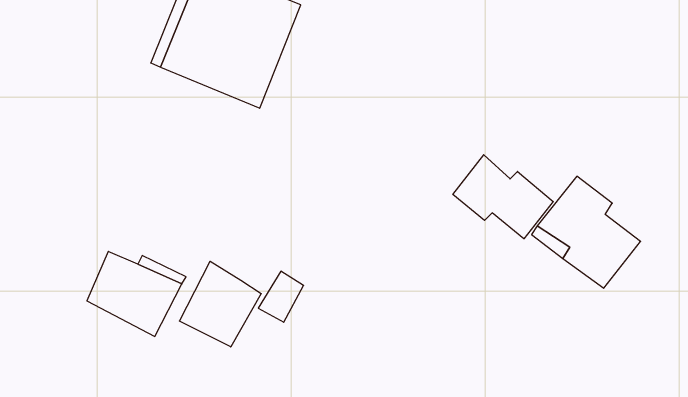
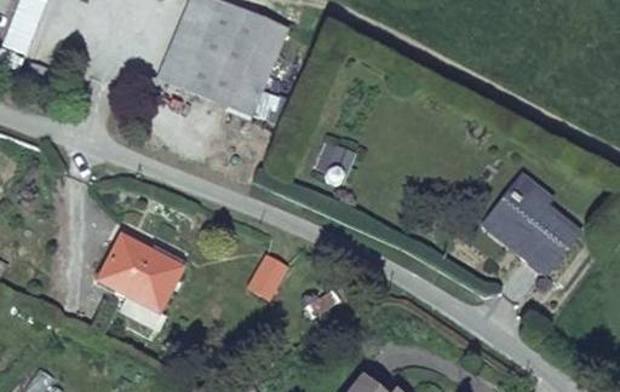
building: [453,155,553,239] -> none
building: [179,261,261,347] -> none

